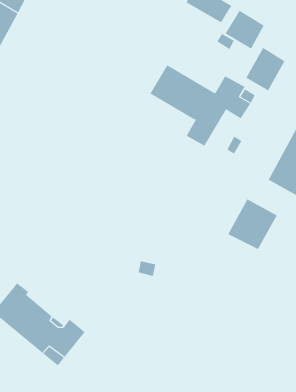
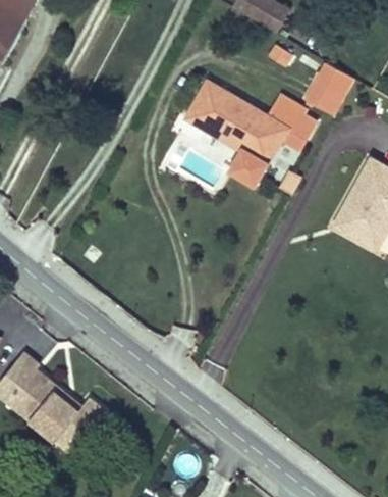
building: [225,10,264,50] -> none
building: [228,199,278,250] -> none

